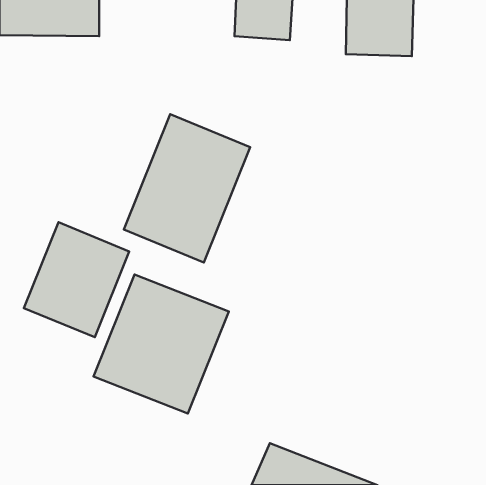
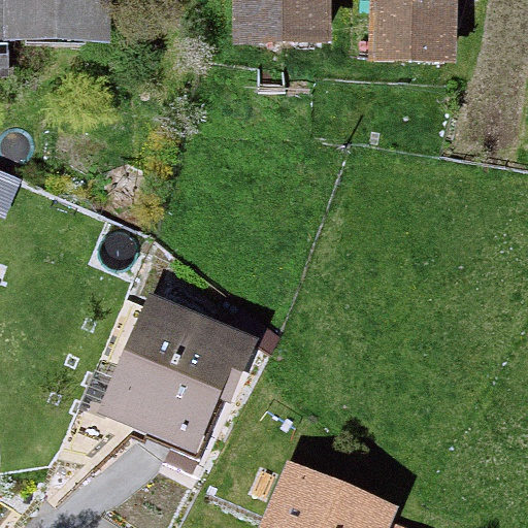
building: [124,114,250,262] -> none
building: [24,222,129,337] -> none

